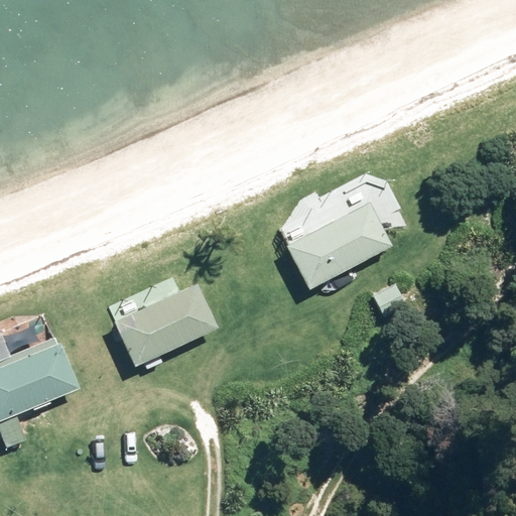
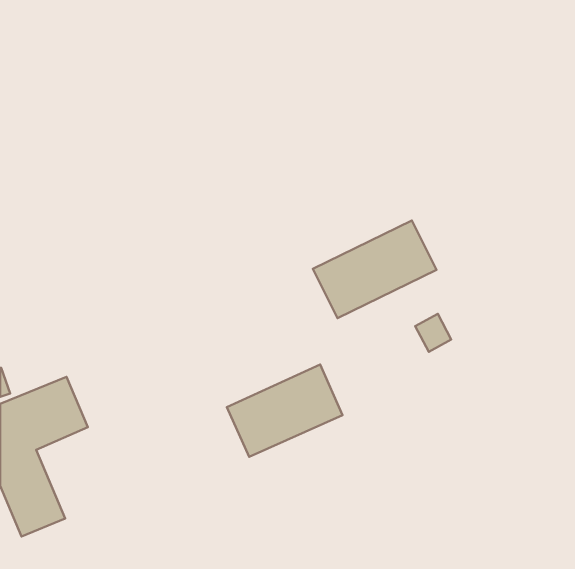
building: [113,282,217,365] -> [227,365,343,457]

